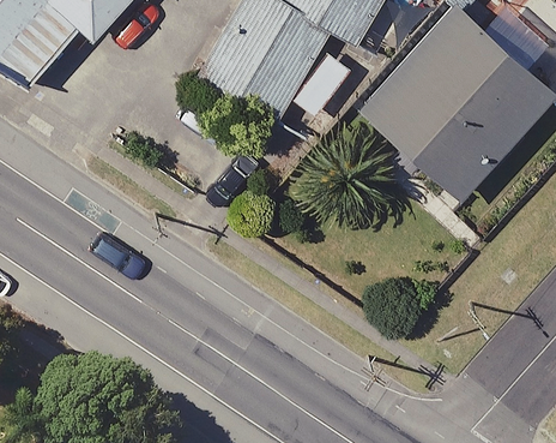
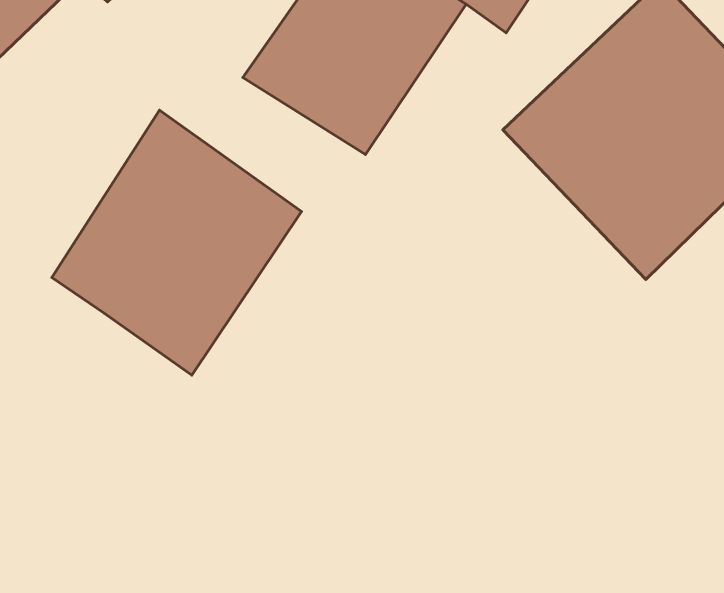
building: none -> [52,110,301,375]

